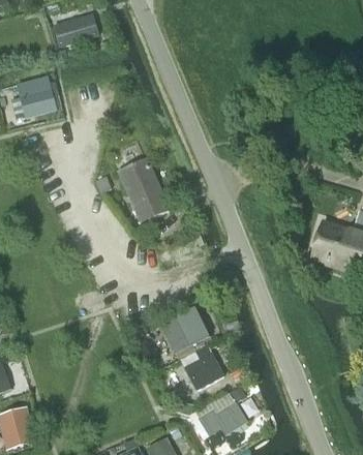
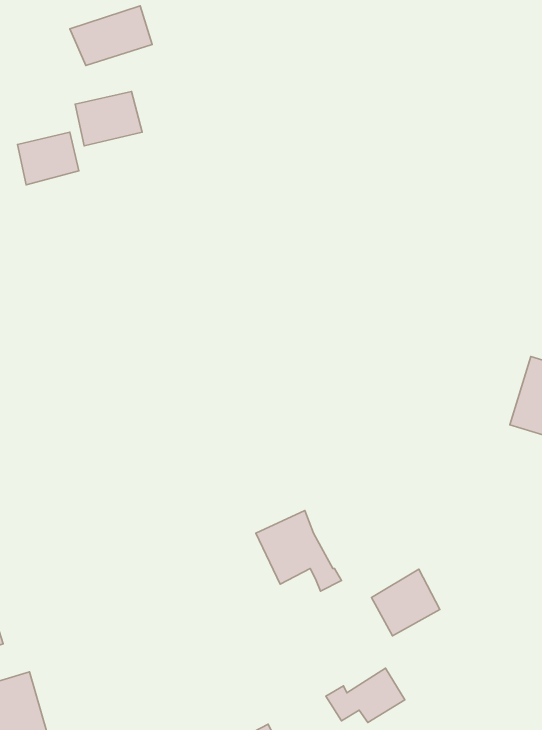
building: none -> [75,91,142,146]
building: [117,157,169,222] -> none
building: [183,352,223,391] -> [372,569,440,636]

